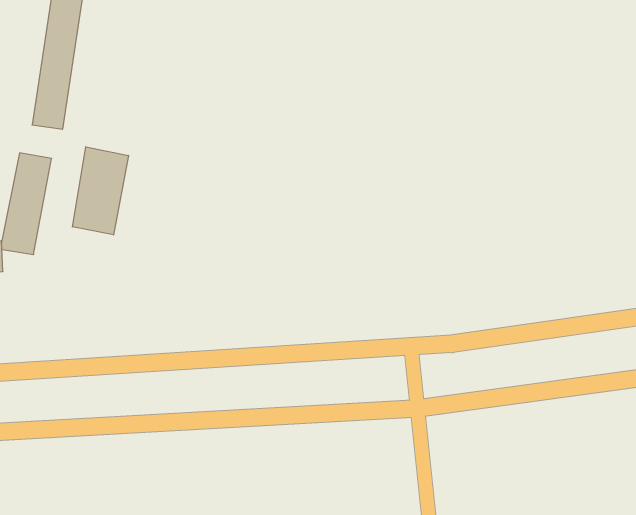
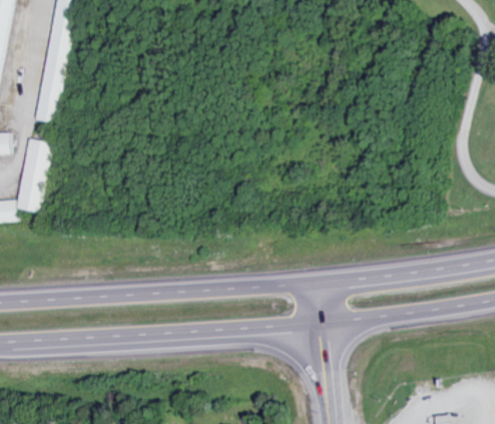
building: [72,147,129,235] -> none

